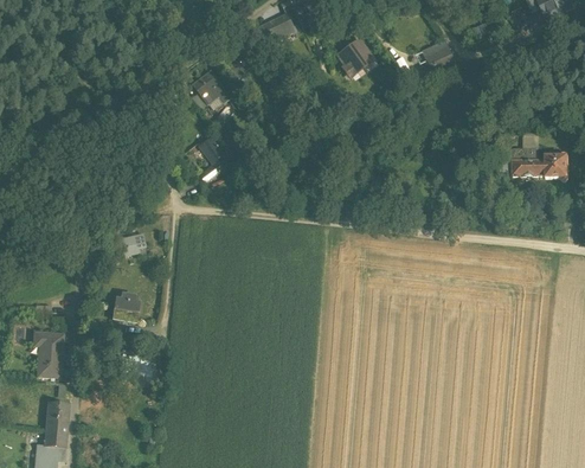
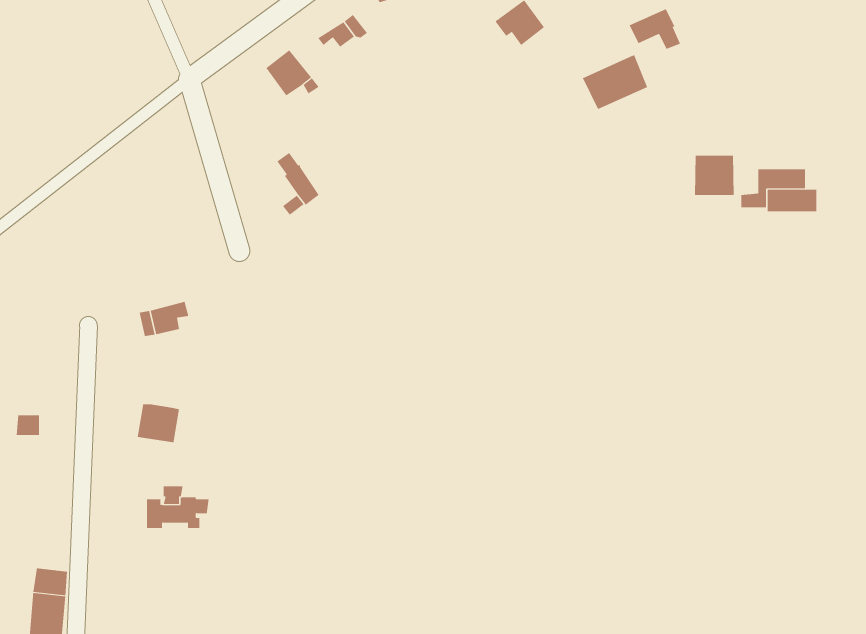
building: none -> [582,54,648,110]
building: none -> [694,155,734,196]
building: [545,152,568,179] -> none
building: [34,332,63,376] -> none

